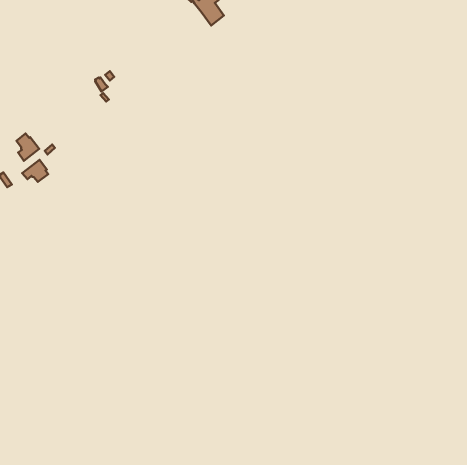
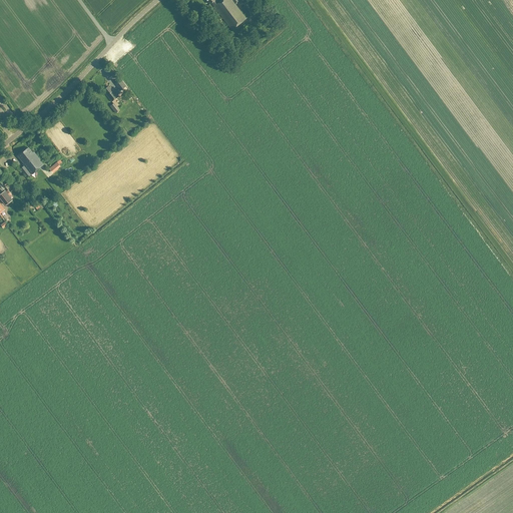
building: [22,160,48,182] -> none

